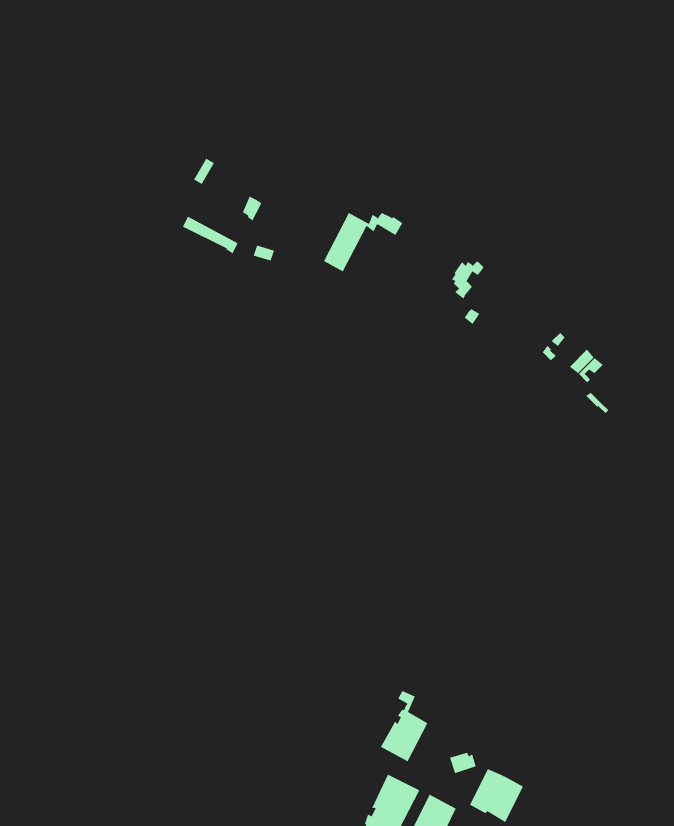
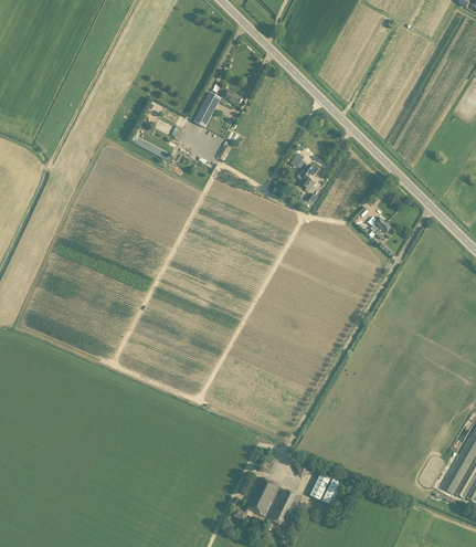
building: [323,212,403,272] -> [194,92,243,128]
building: [380,690,428,762] -> none

